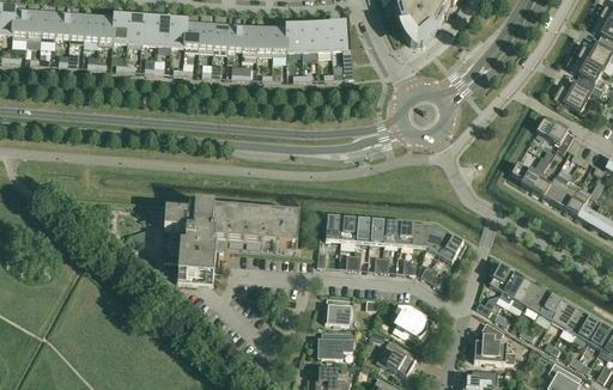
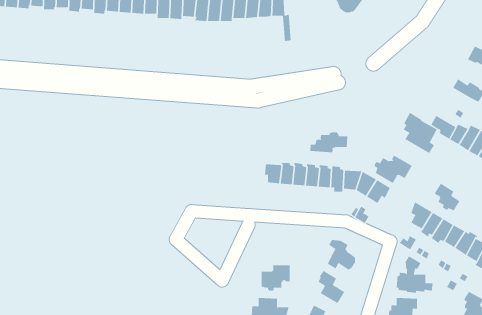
building: none -> [403,112,437,154]
building: none -> [310,132,348,153]
building: [164,205,299,284] -> none
building: none -> [374,155,413,184]
building: none -> [434,183,460,211]
building: [324,298,353,324] -> none

